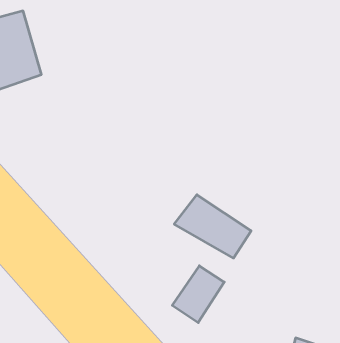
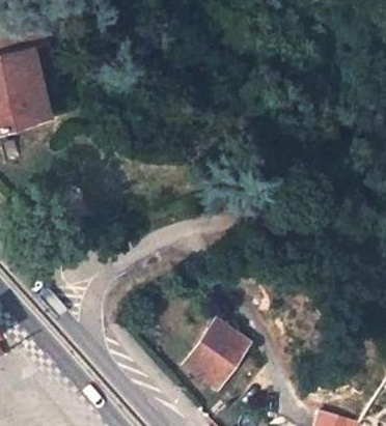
building: [174,195,251,258] -> none

